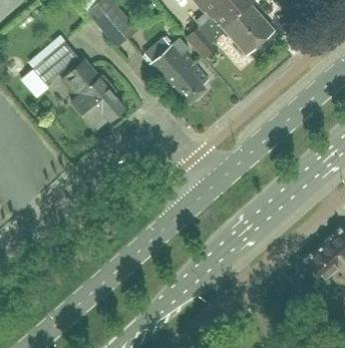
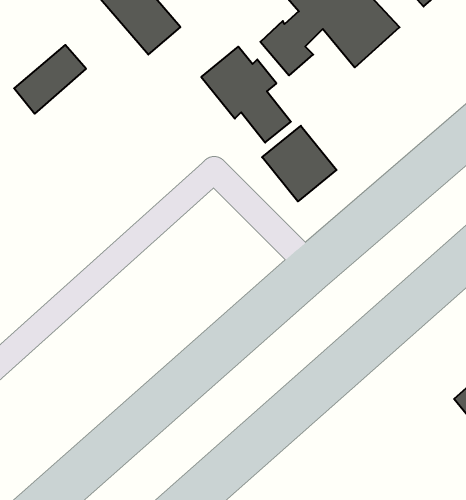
building: [60,57,123,121] -> none
building: none -> [262,126,337,201]

